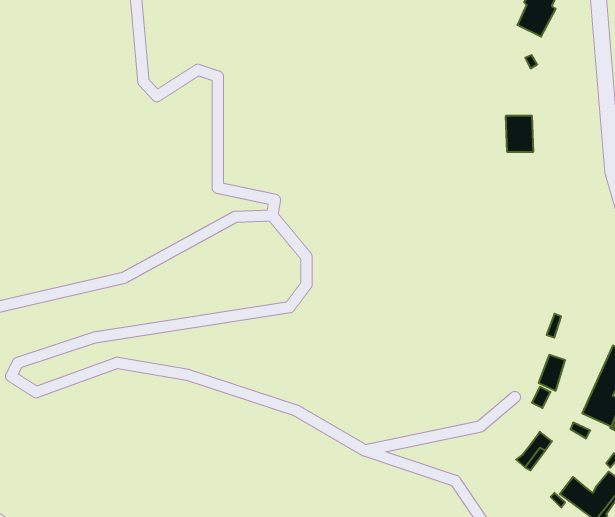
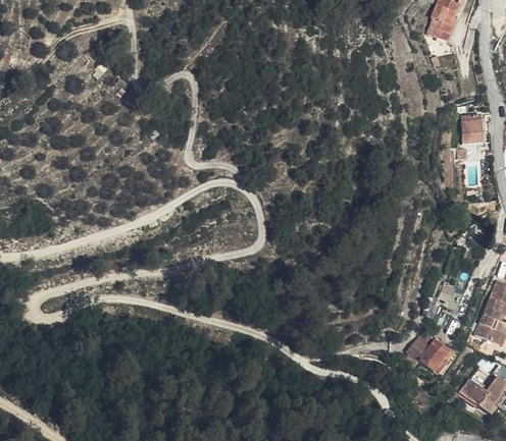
building: [506,116,533,152] -> [456,113,477,141]
building: none -> [408,338,442,366]

